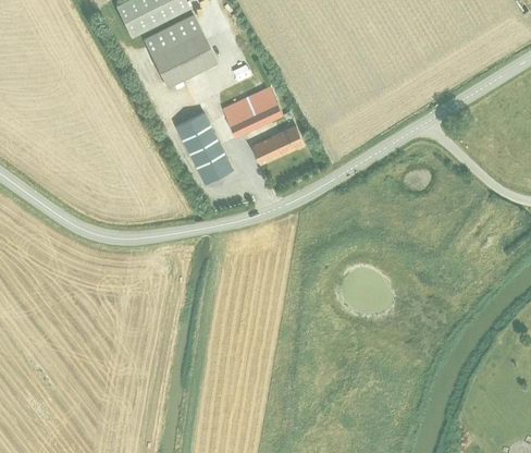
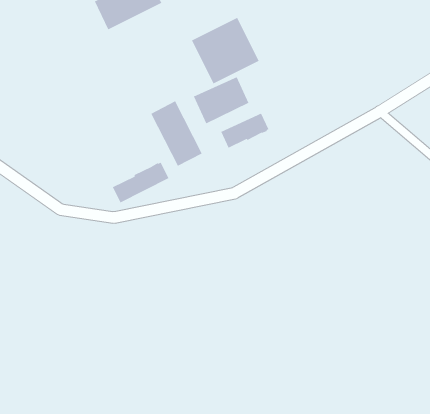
building: [143,15,217,88] -> [191,17,260,85]
building: none -> [112,162,170,204]

